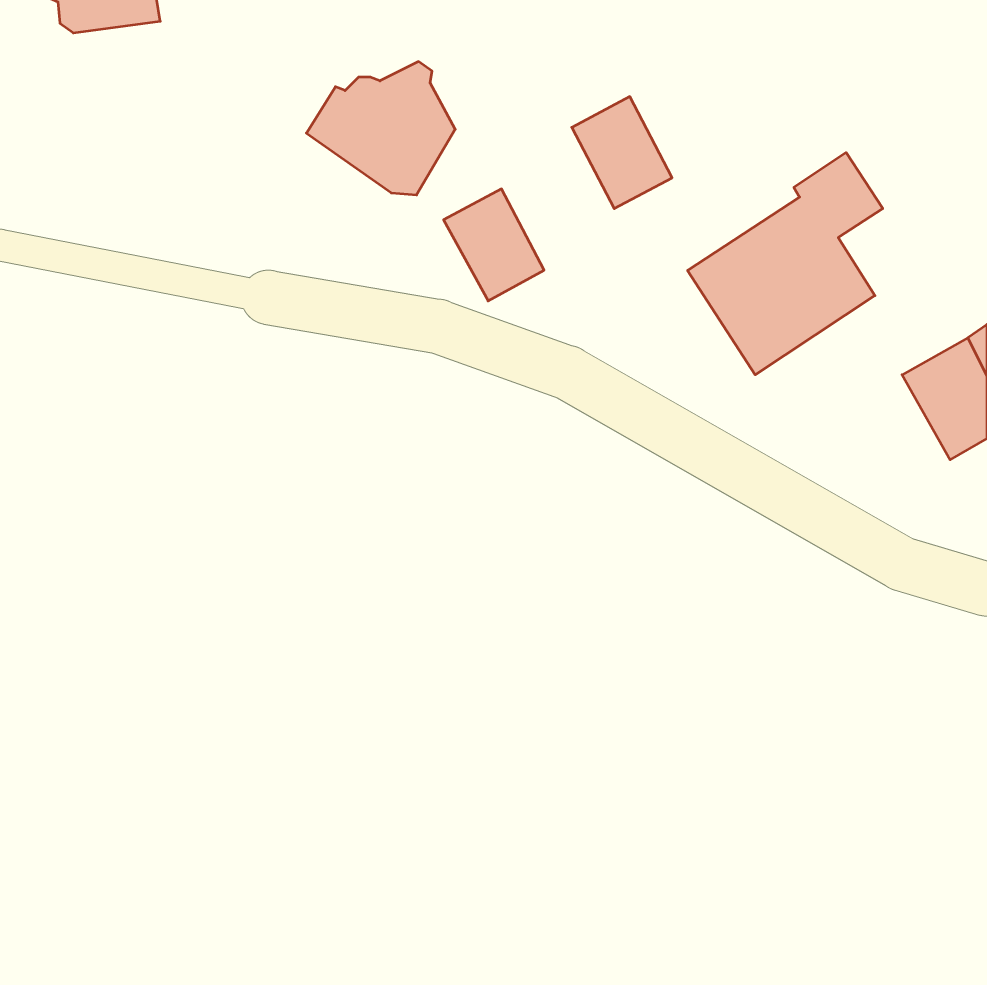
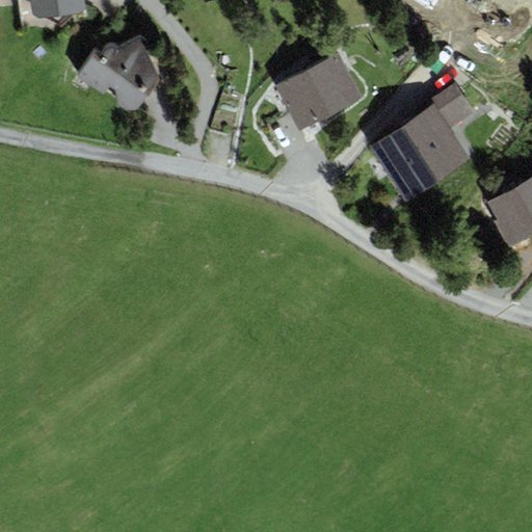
building: [306,62,455,195] -> [79,38,159,110]
building: [444,189,544,301] -> [276,69,330,129]

